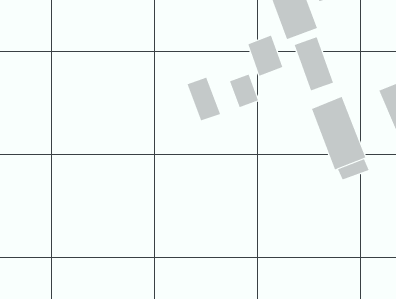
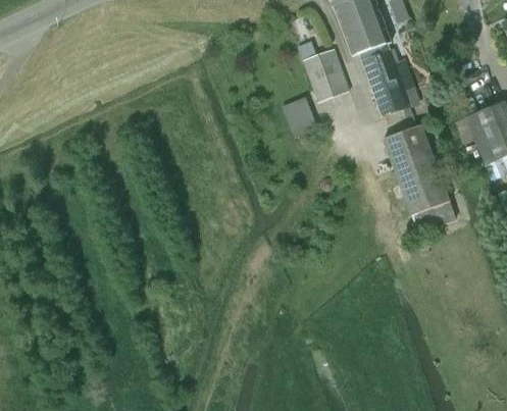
building: [187,77,221,121] -> none

